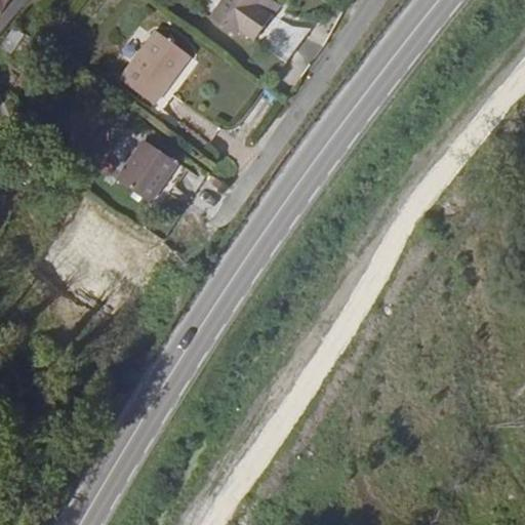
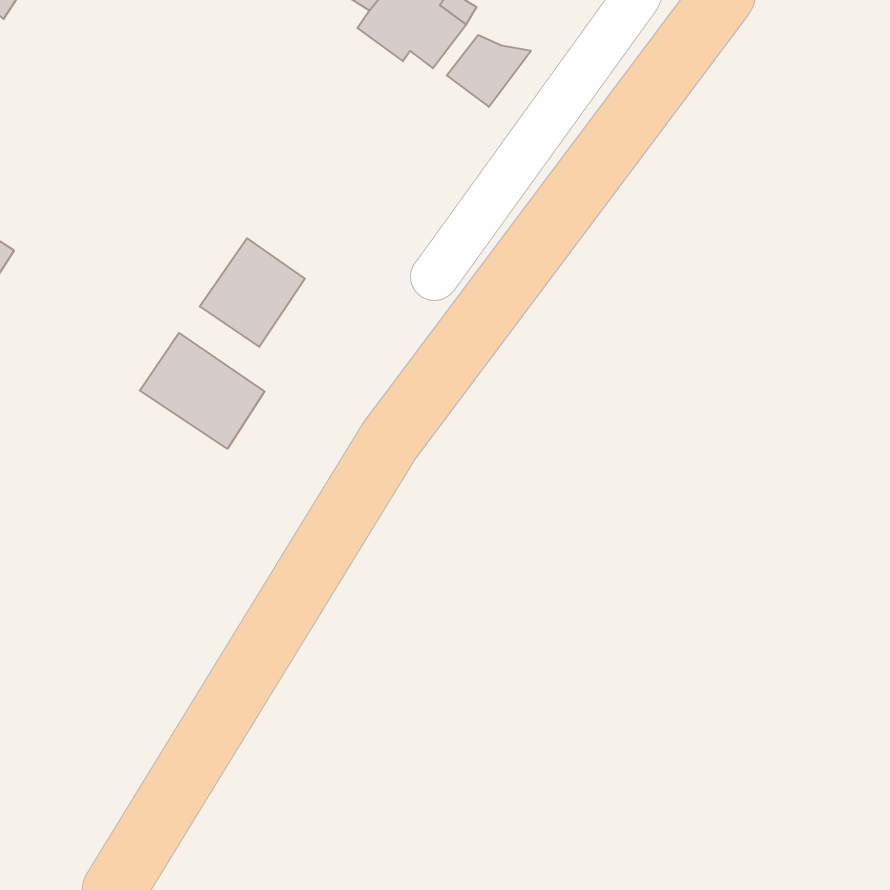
building: [120,31,190,105] -> none
building: none -> [140,333,265,449]

